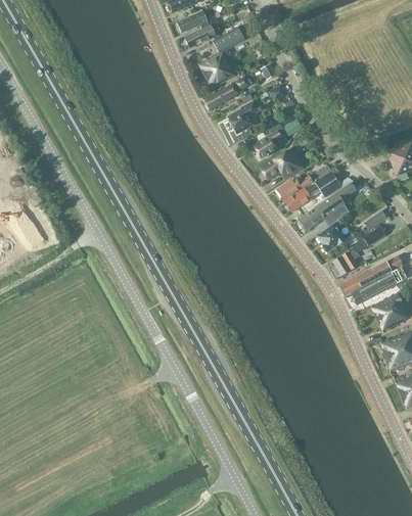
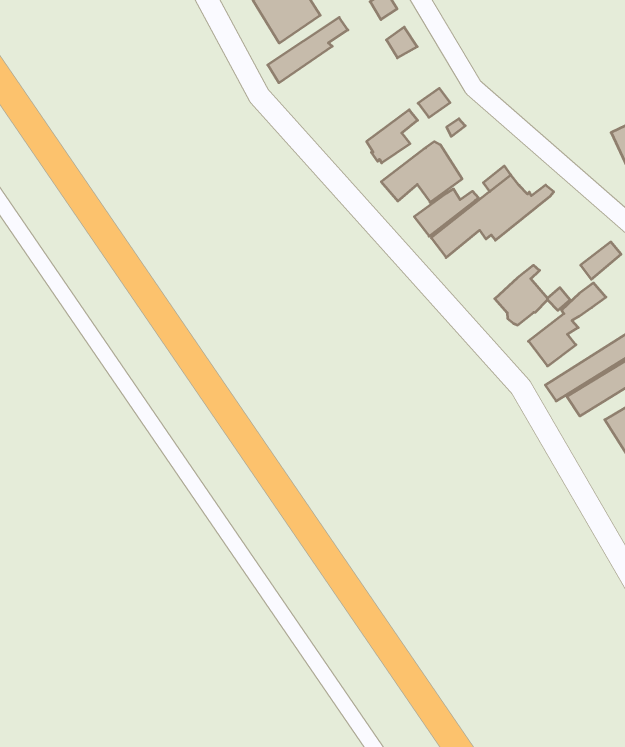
building: [228,101,257,133] -> none
building: [299,183,355,230] -> none

